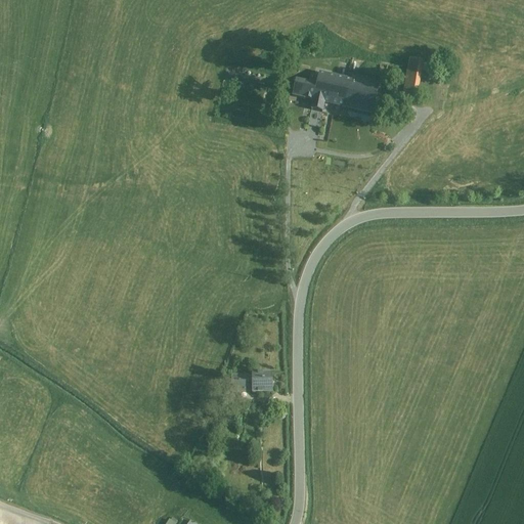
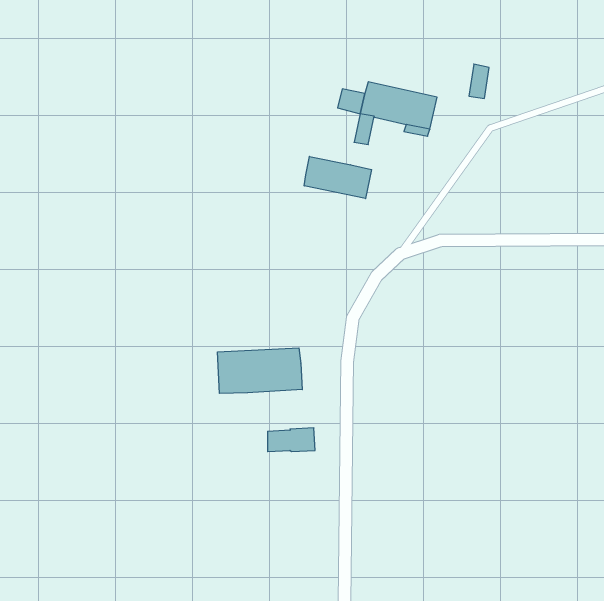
building: none -> [304,156,372,199]
building: none -> [218,348,302,393]

